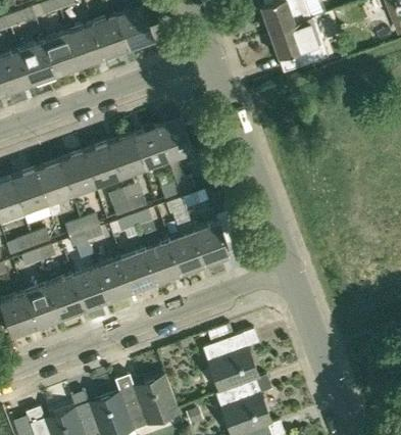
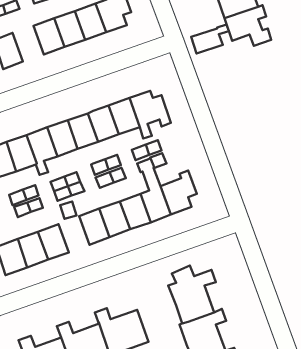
building: none -> [191,24,229,54]
building: [18,42,55,87] -> none
building: [72,267,109,309] -> none

